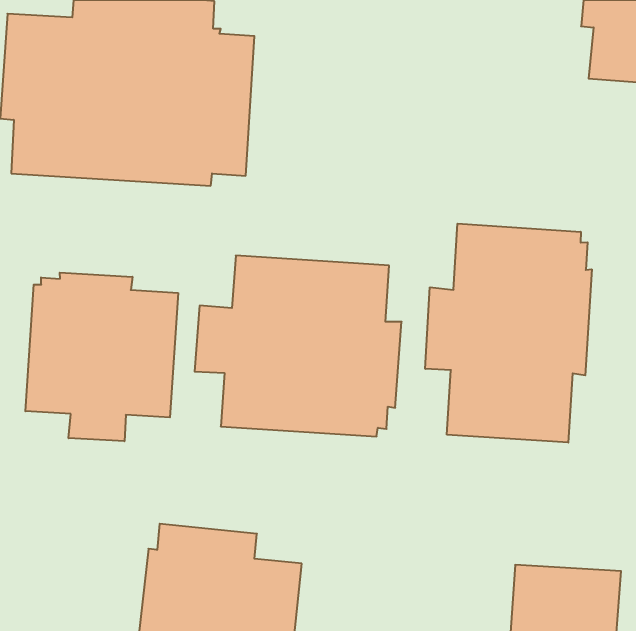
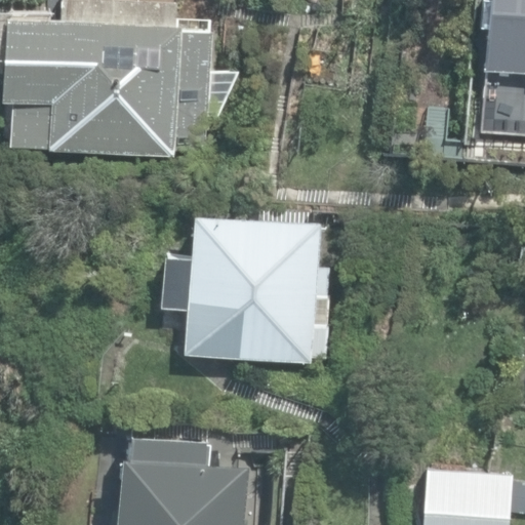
building: [425,224,592,443] -> none
building: [25,273,178,441] -> none

